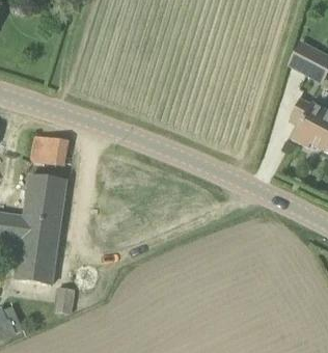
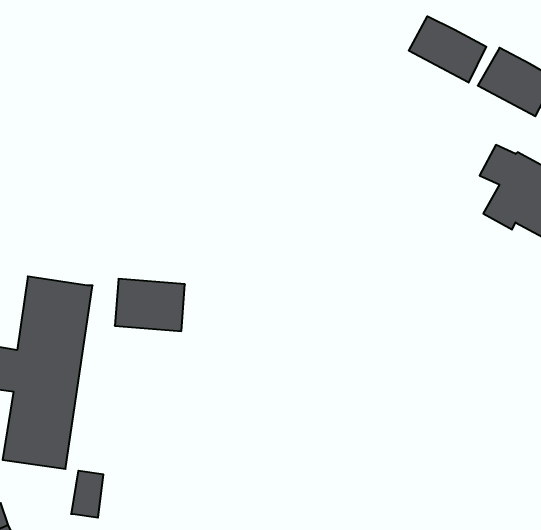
building: none -> [409,16,486,83]
building: [30,134,71,164] -> [115,279,185,331]

